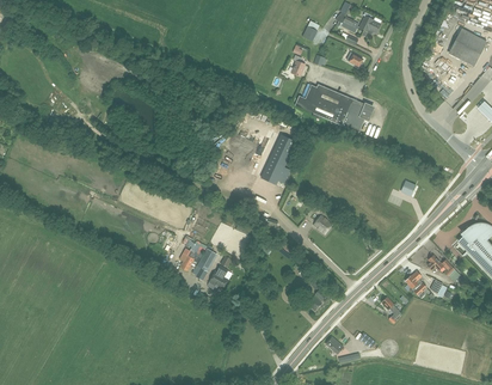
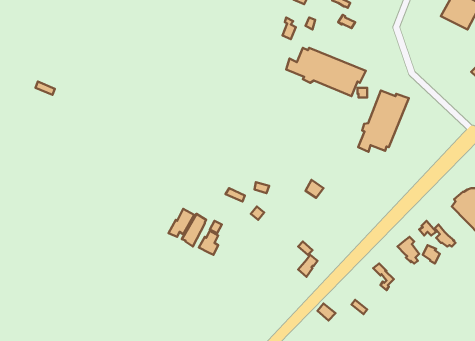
building: none -> [358,91,409,152]
building: [259,134,295,184] -> none

